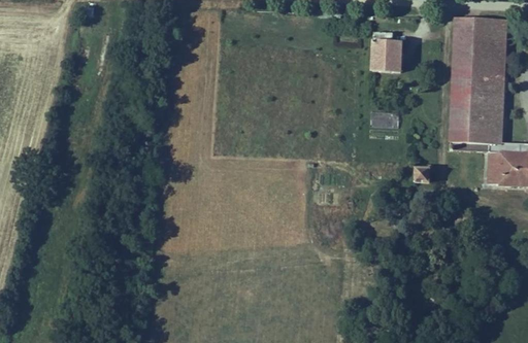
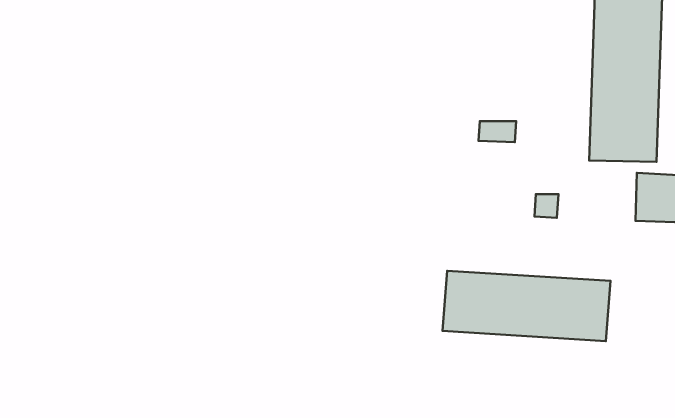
building: [372,30,404,70] -> none
building: none -> [443,271,611,341]

